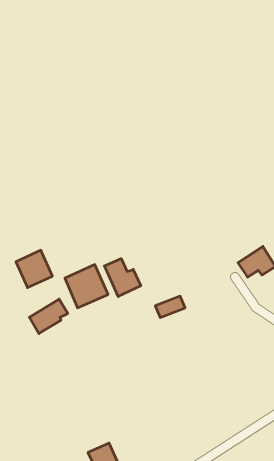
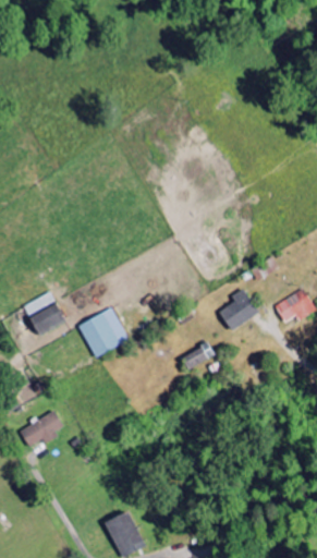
building: none -> [219,289,258,330]
building: [104,259,141,297] -> none
building: [29,299,68,334] -> [20,411,63,450]

